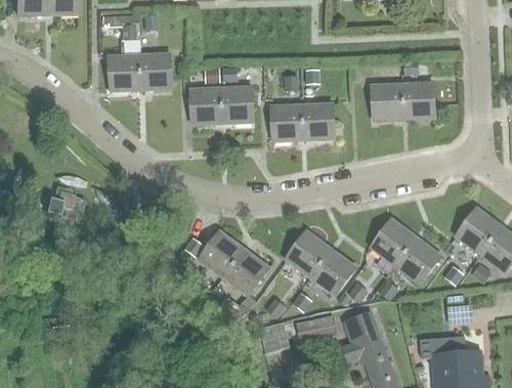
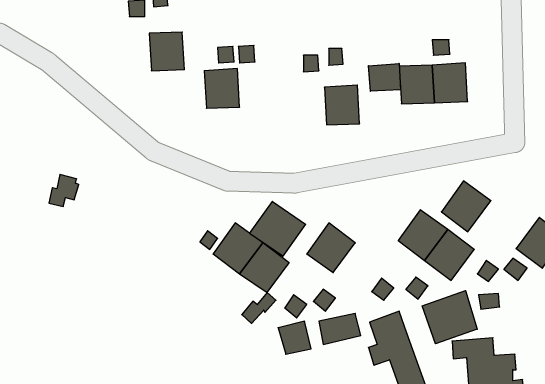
building: [109,54,141,90] -> none
building: none -> [368,63,401,91]
building: [221,86,254,123] -> none
building: [271,104,304,140] -> none
building: [456,207,502,254] -> [441,181,491,232]
building: none -> [250,201,306,256]
building: [310,249,356,295] -> none
building: none -> [422,291,477,344]

